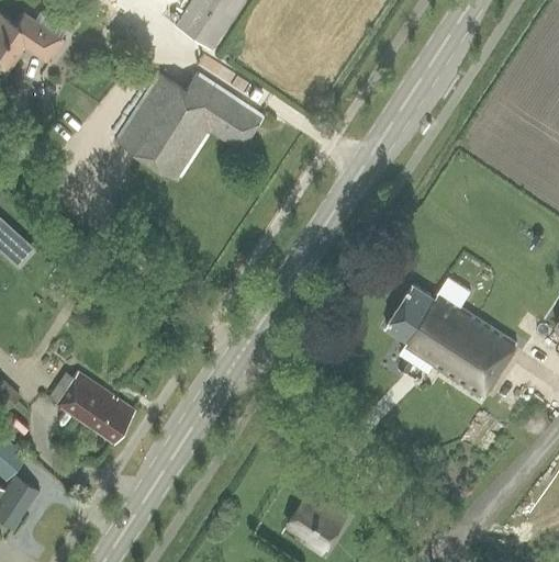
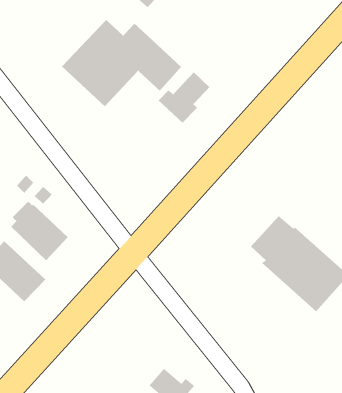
building: none -> [158,72,210,123]
building: none -> [10,201,68,261]

